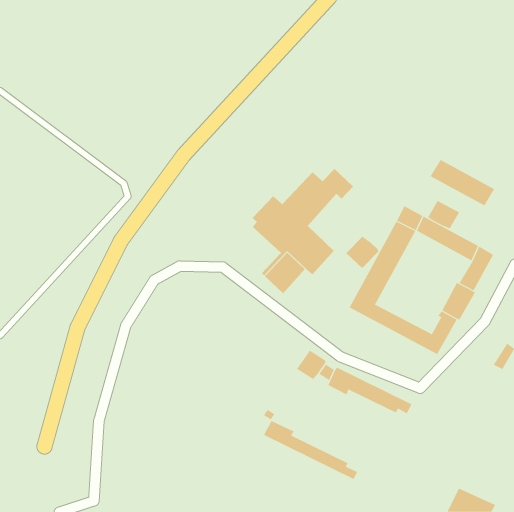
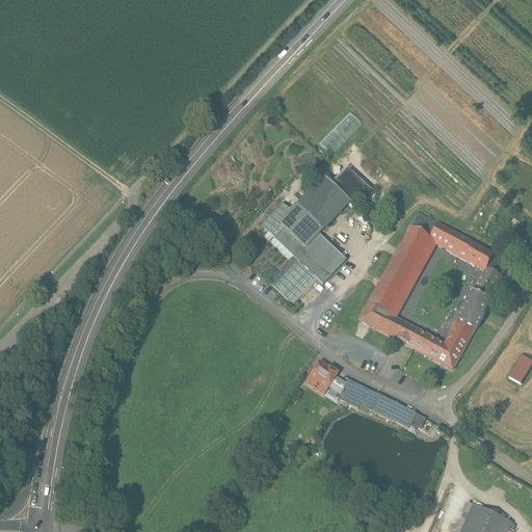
building: [430,159,495,206] -> none
building: [428,200,460,229] -> none
building: [346,236,379,269] -> none
building: [264,420,358,480] -> none

